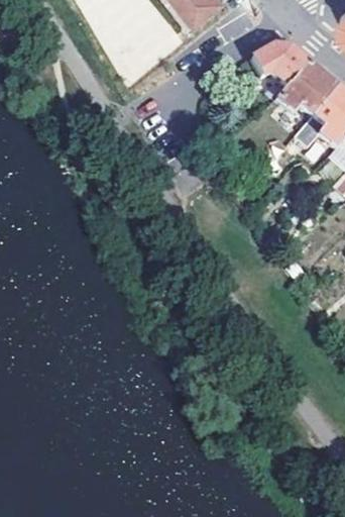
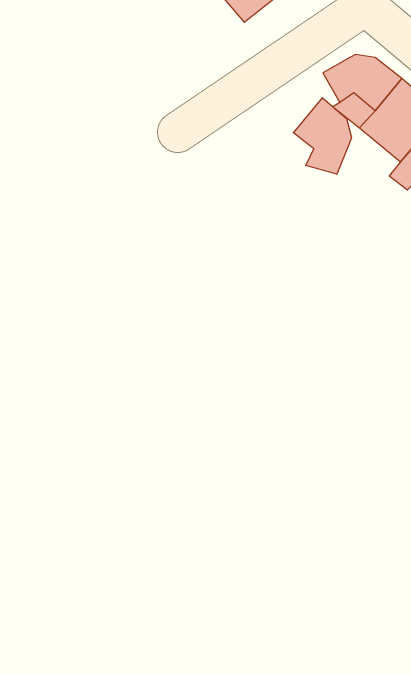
building: none -> [293,98,351,174]

